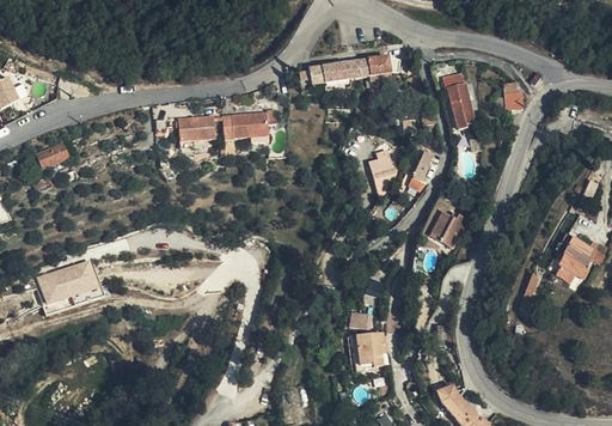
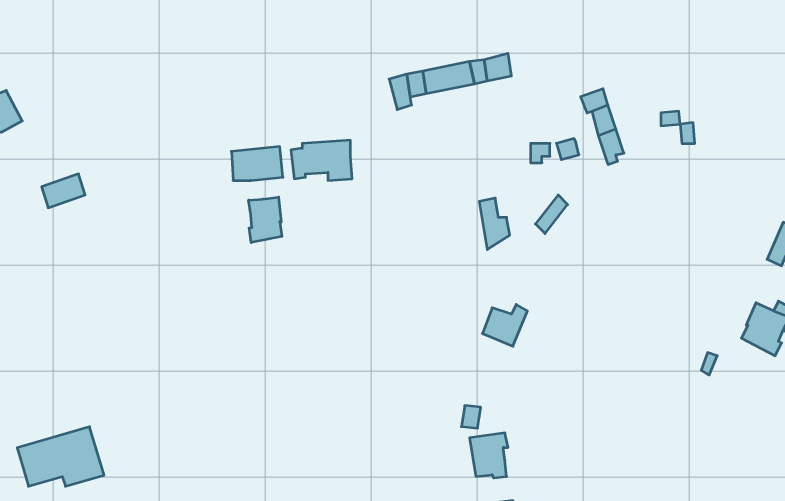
building: none -> [249,197,282,243]
building: [430,220,464,251] -> [482,304,527,346]
building: [42,257,106,302] -> [17,427,104,486]

